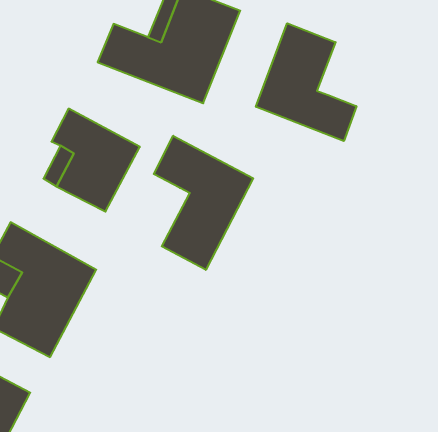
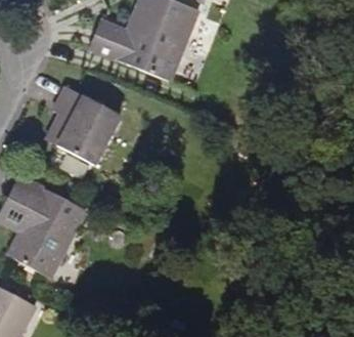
building: [256,23,356,141] -> none
building: [154,136,253,270] -> none

